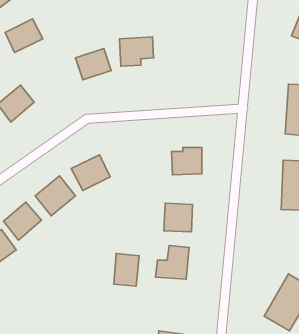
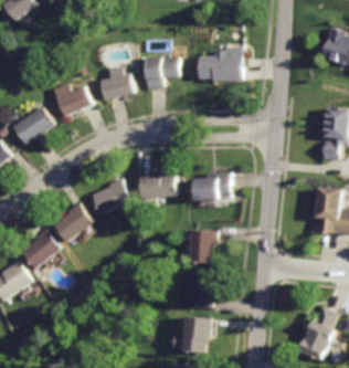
building: [5,19,43,53] -> [52,82,92,117]
building: none -> [192,54,243,84]
building: none -> [137,170,179,201]
building: [114,254,139,286] -> [182,317,209,351]

